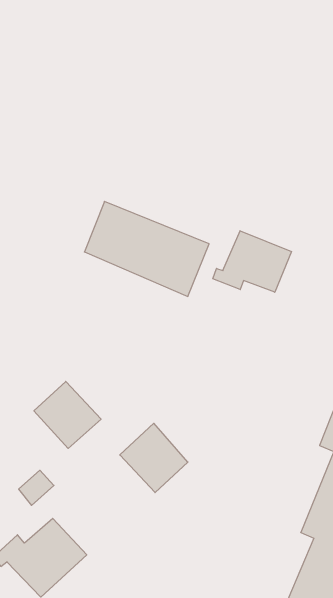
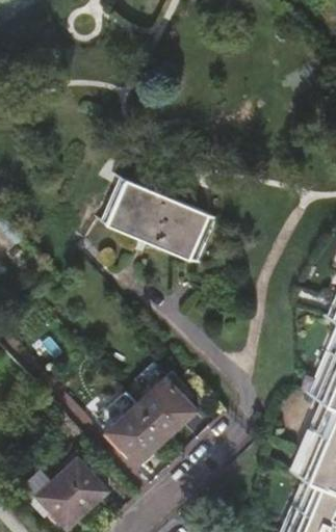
building: [213,231,292,292] -> none
building: [34,381,101,448] -> [108,403,167,462]

